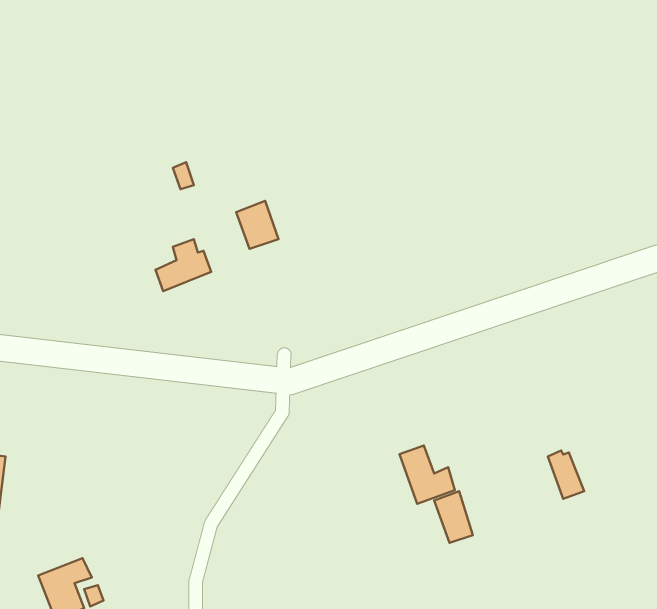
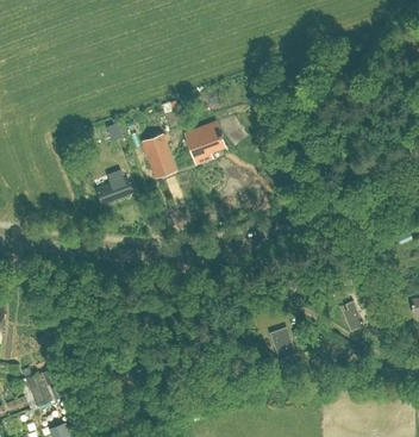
building: none -> [186,124,224,164]
building: [399,446,455,504] -> none

